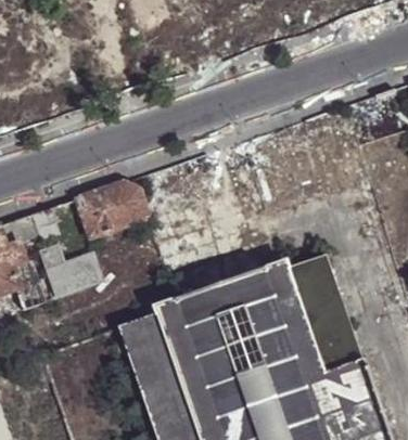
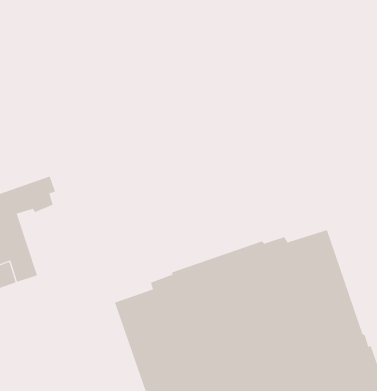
building: [77,183,150,238] -> none
building: [41,246,103,296] -> none

